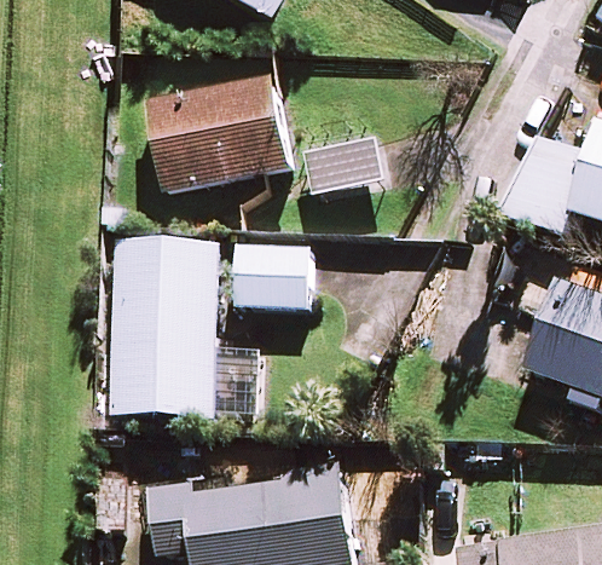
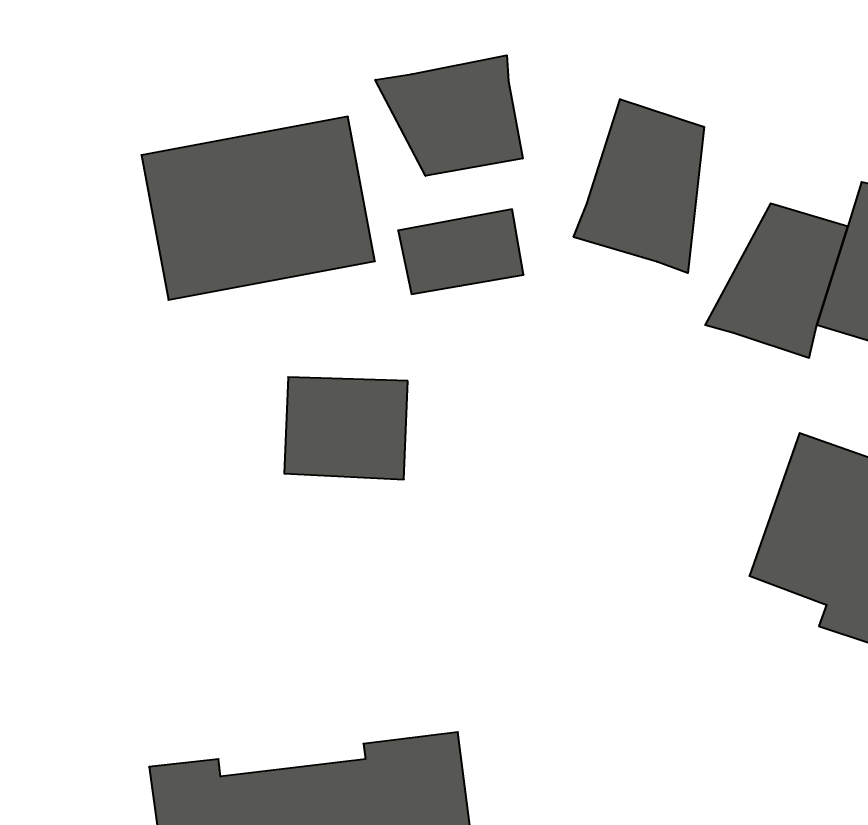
building: none -> [375,55,523,176]
building: none -> [574,99,704,273]
building: [112,246,220,420] -> none

